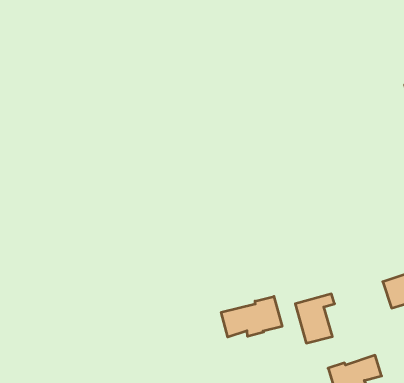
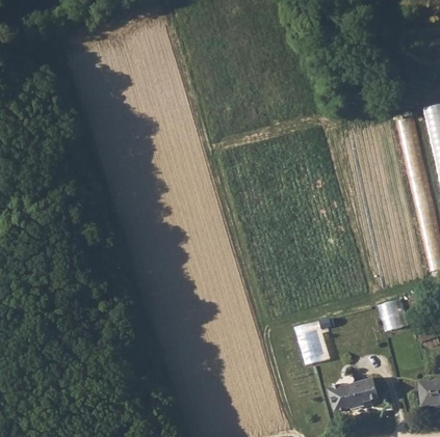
building: [221,296,282,337] -> none

